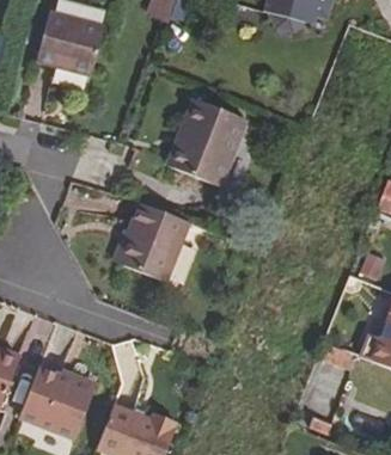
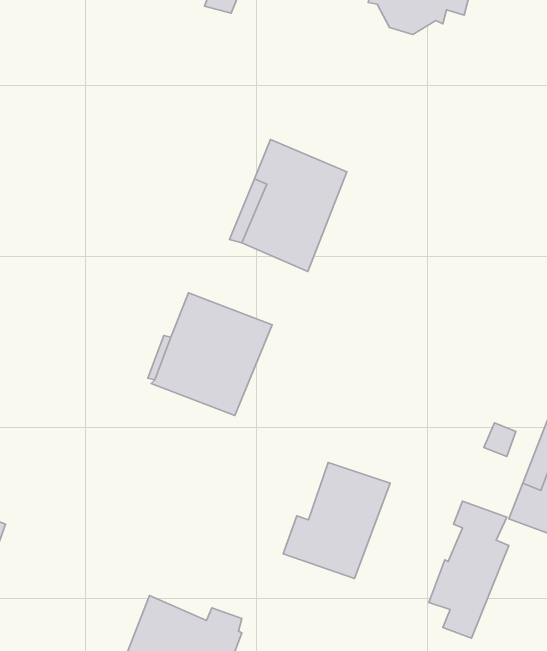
building: [36,13,105,75] -> none
building: none -> [283,463,390,579]
building: [19,364,96,437] -> none

